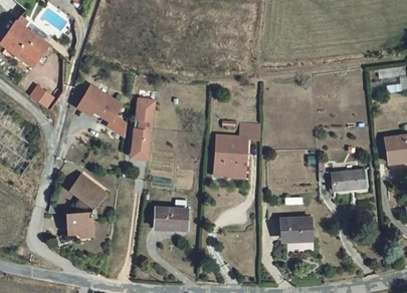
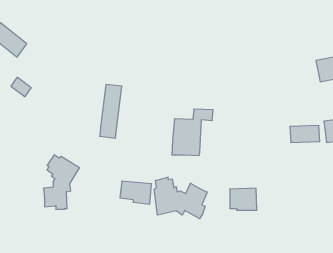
building: [77,86,127,137] -> none
building: [333,172,367,191] -> [290,126,320,142]
building: none -> [154,177,207,219]

